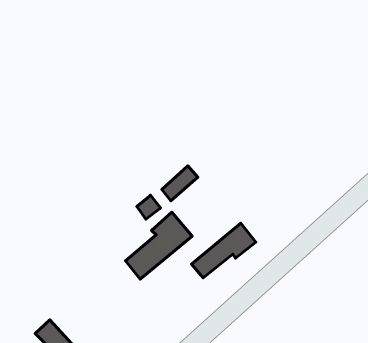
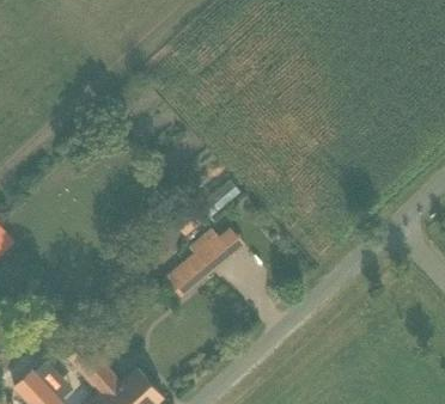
building: [191,223,256,278] -> none

